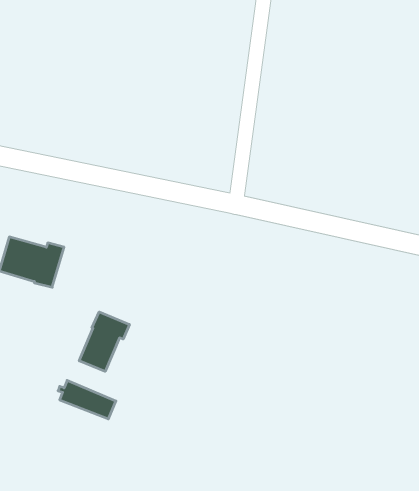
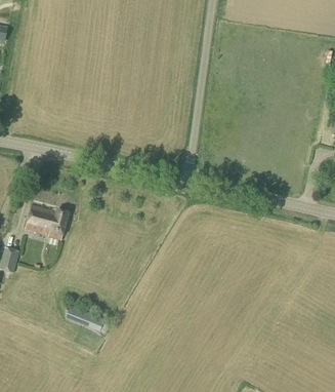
building: [79,312,129,371] -> none

